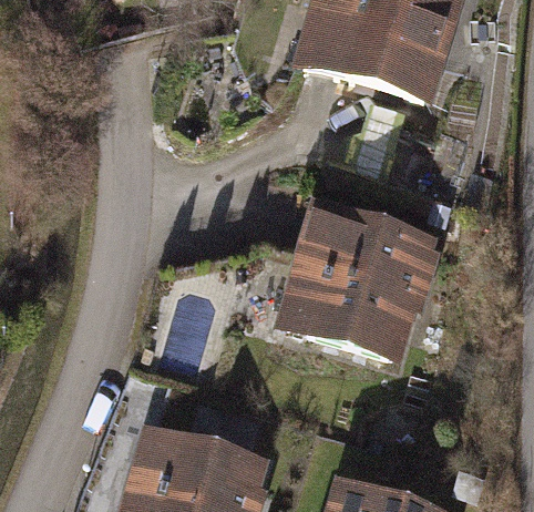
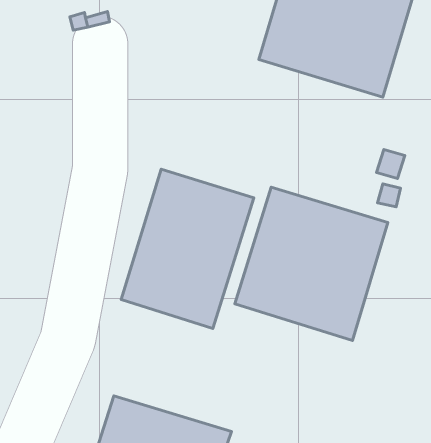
building: none -> [121,169,254,329]

